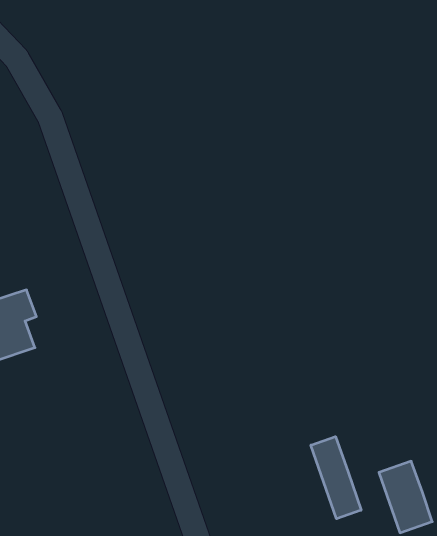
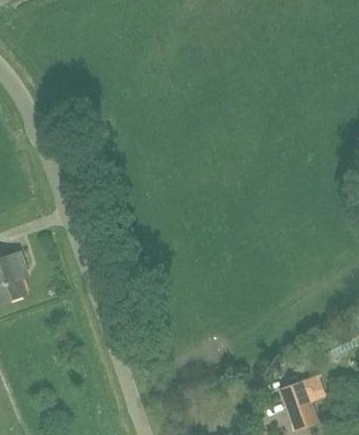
building: [311,437,361,519] -> none

